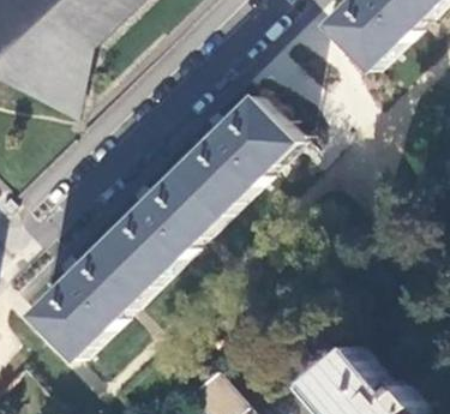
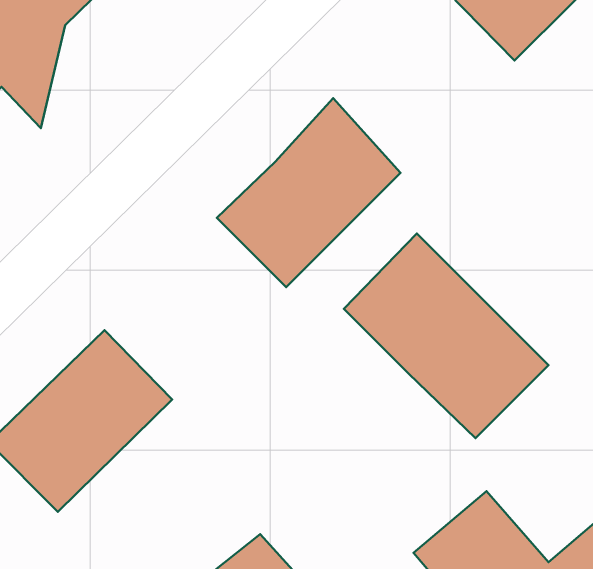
building: [106,169,222,286] -> none
building: none -> [344,234,548,438]

